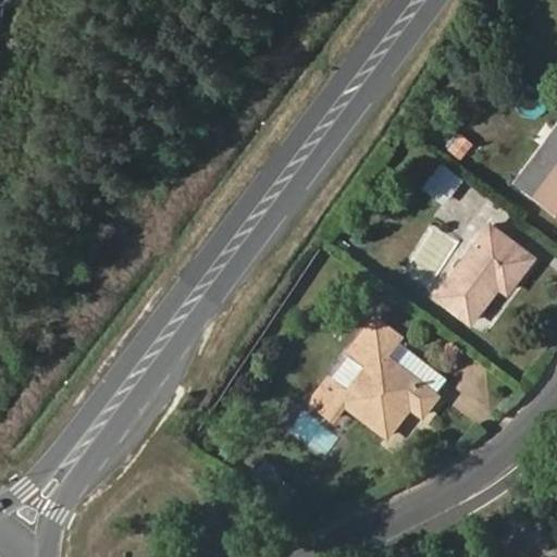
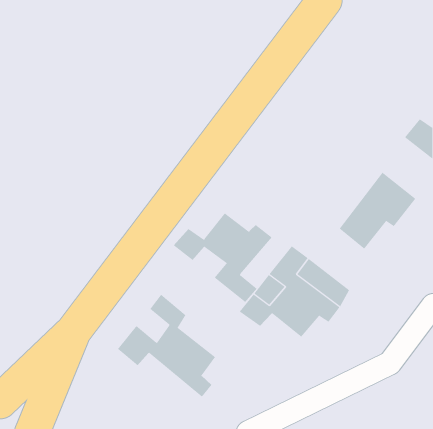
building: none -> [173,213,272,303]
building: none -> [117,294,216,397]

